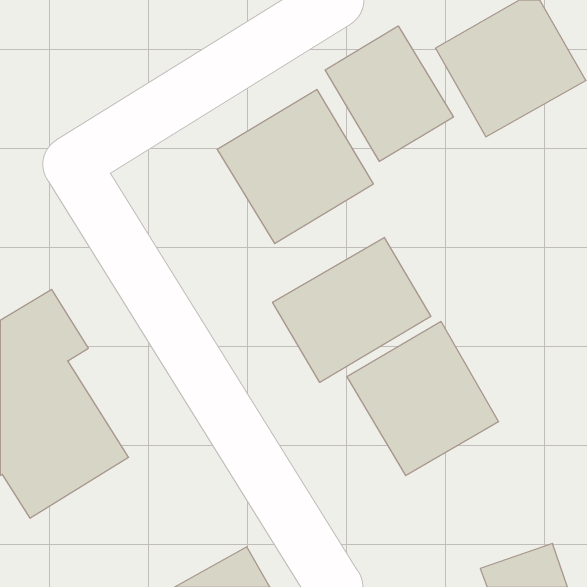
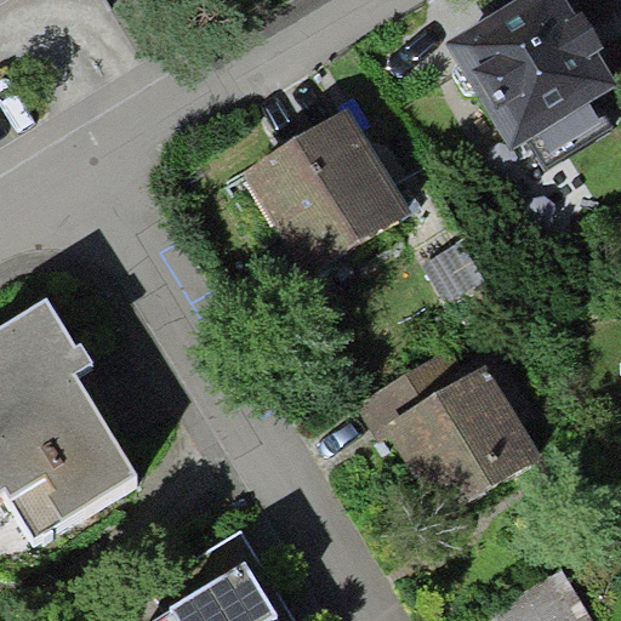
building: [325,26,453,161] -> none
building: [273,237,431,382] -> none

